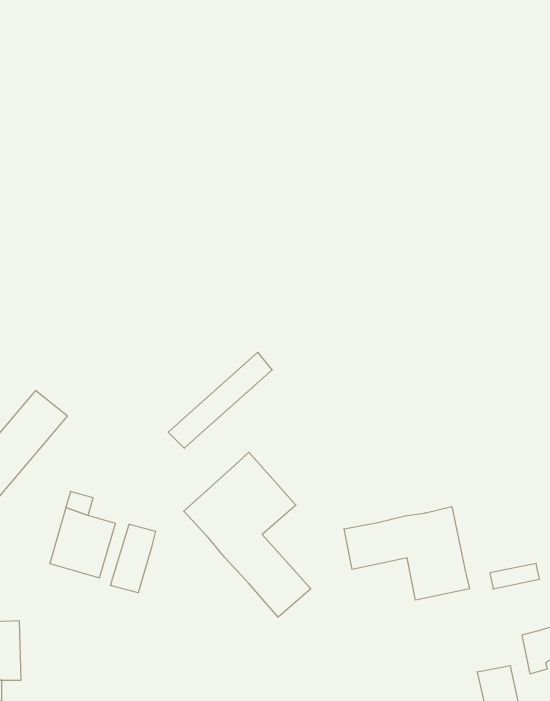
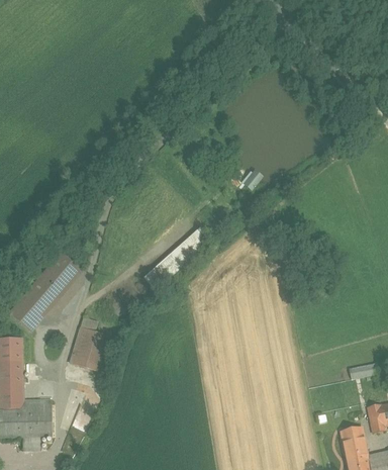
building: [184,452,311,617] -> none
building: [344,507,469,600] -> none
building: [111,524,156,593] -> none

